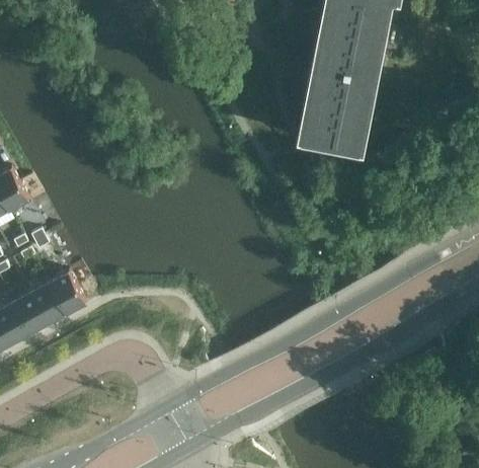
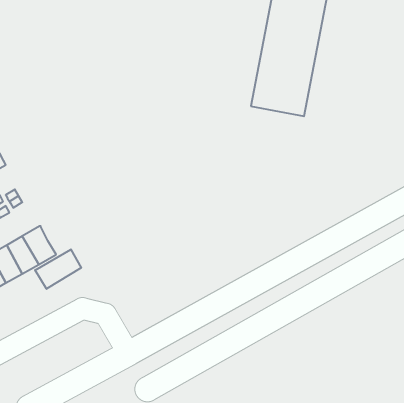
building: none -> [35,249,81,289]

